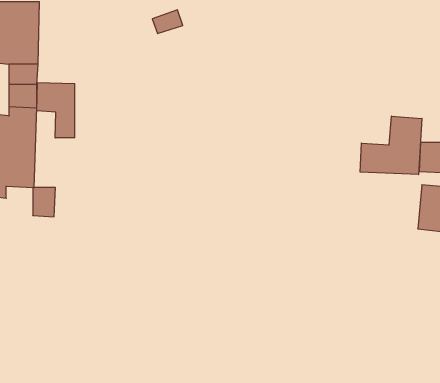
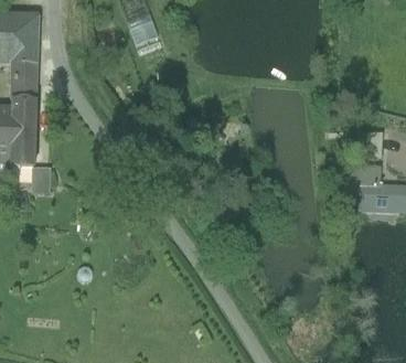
building: [37,83,75,138] -> none
building: [360,116,422,175] -> none

